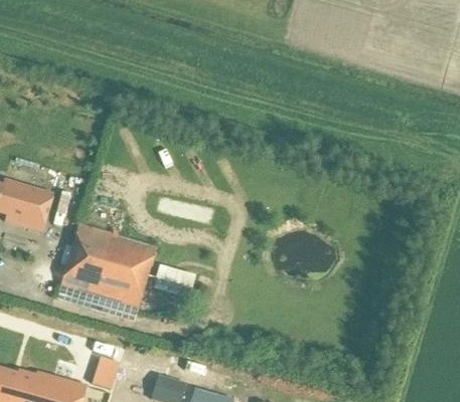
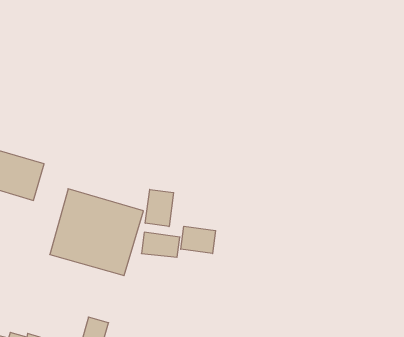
building: none -> [145,189,174,227]
building: none -> [181,226,216,254]

